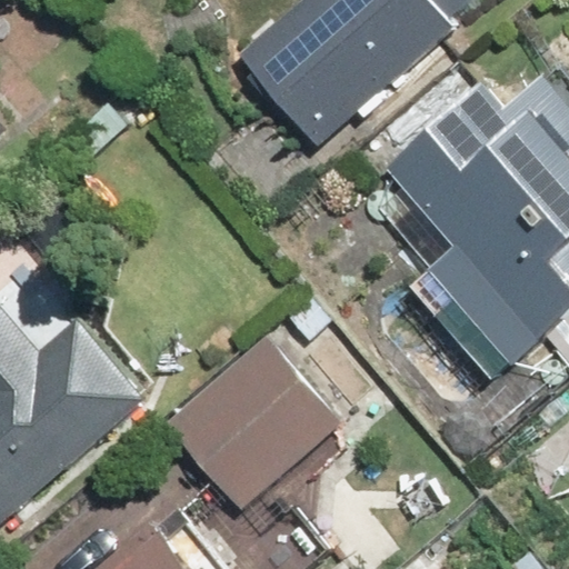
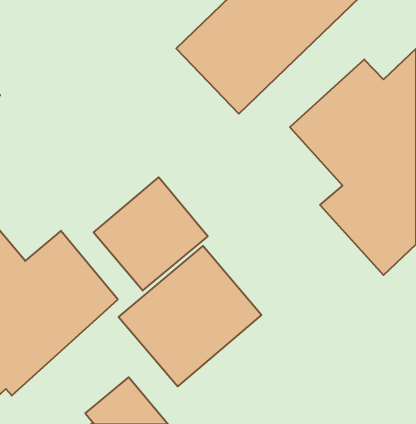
building: none -> [94,177,208,291]

